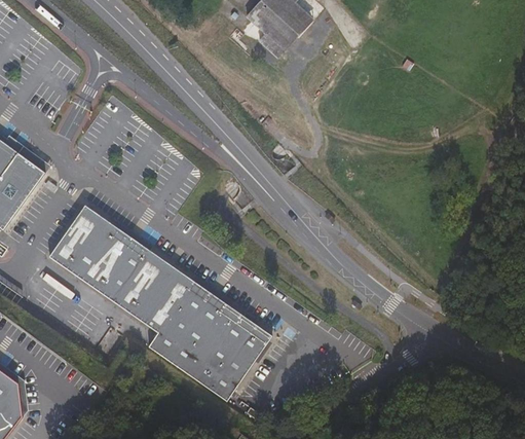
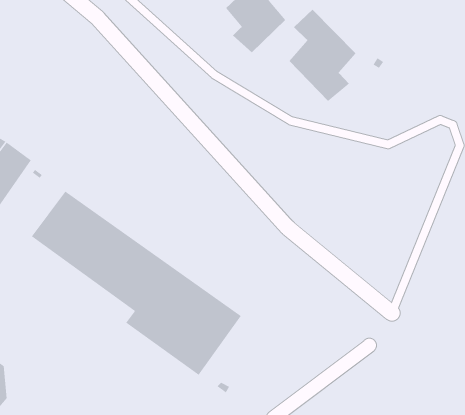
building: none -> [288,9,357,102]

